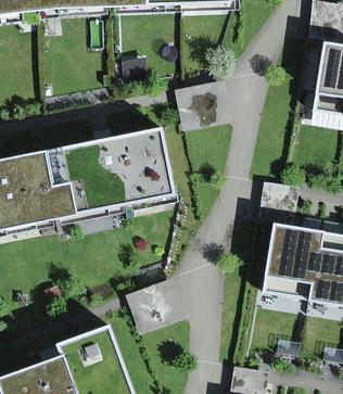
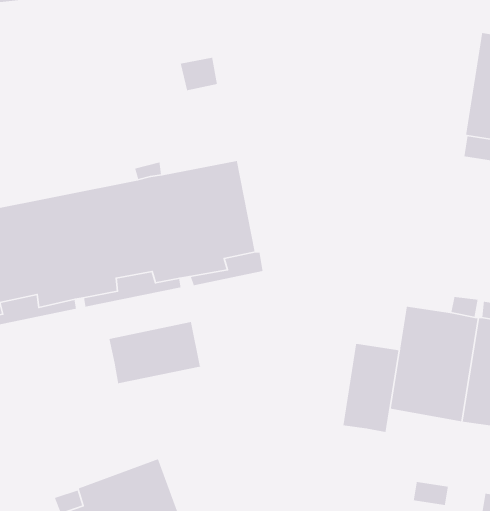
building: none -> [108,321,202,384]
building: none -> [343,343,399,433]

